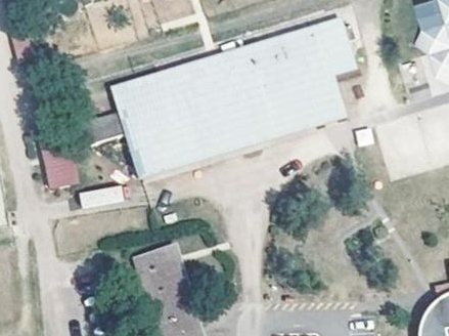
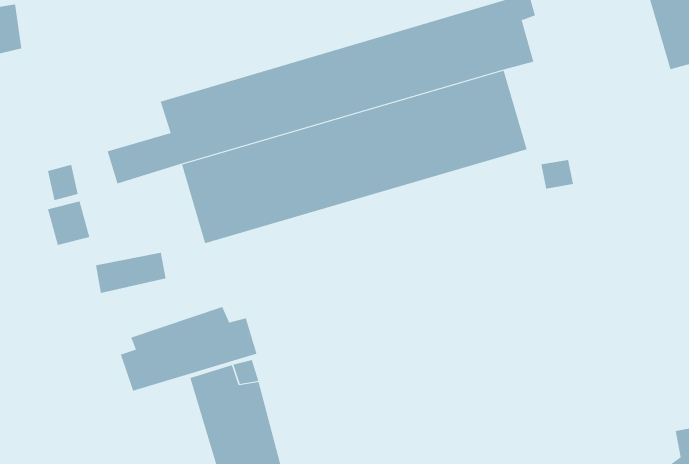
building: none -> [120,306,257,392]

